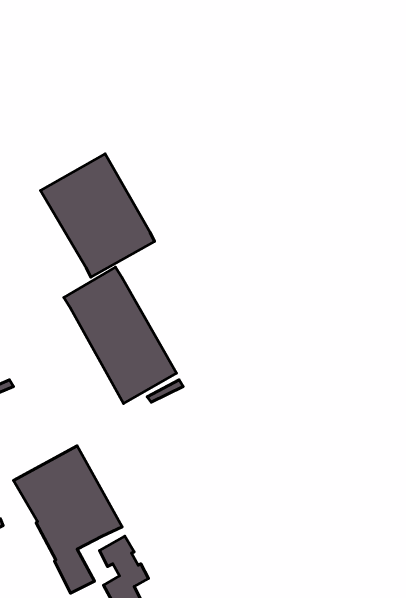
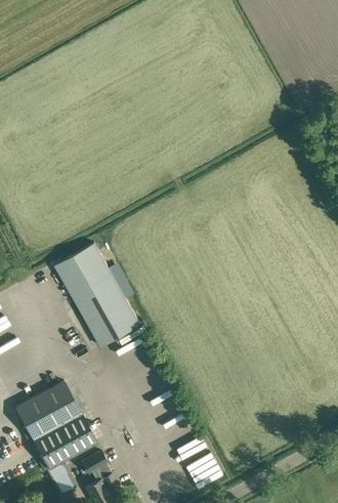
building: [41,154,155,277] -> none

